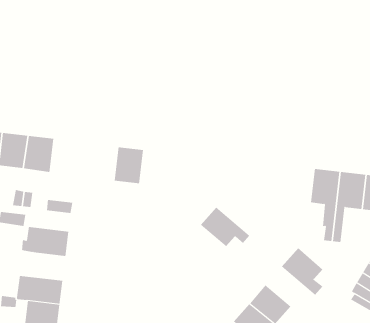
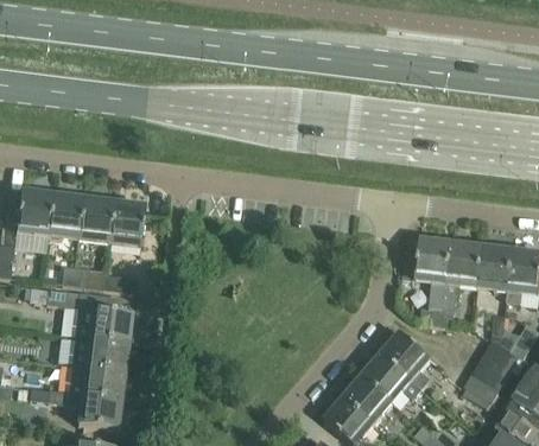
building: [114,147,144,184] -> [107,200,142,244]
building: [200,207,250,247] -> [362,352,421,400]
building: none -> [70,334,126,369]

